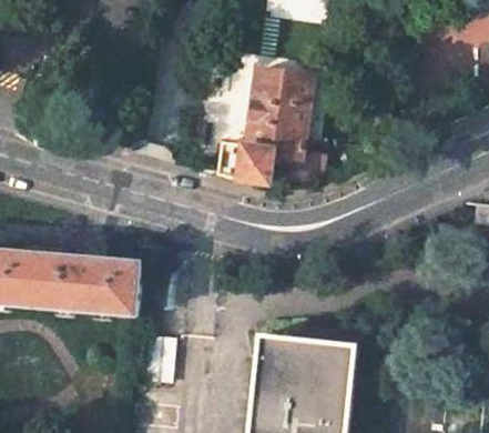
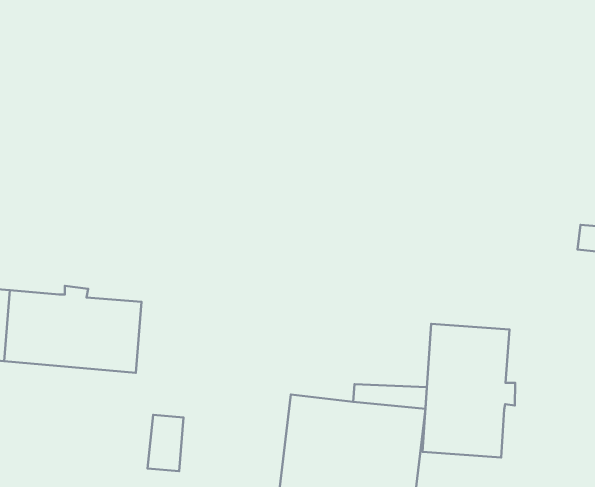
building: [220,70,314,188] -> none
building: none -> [423,324,515,458]

